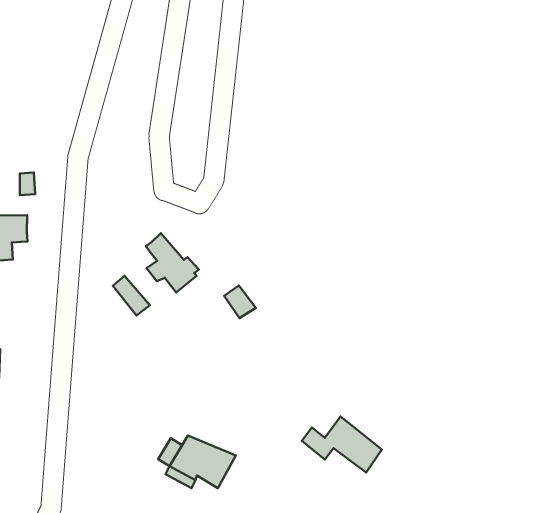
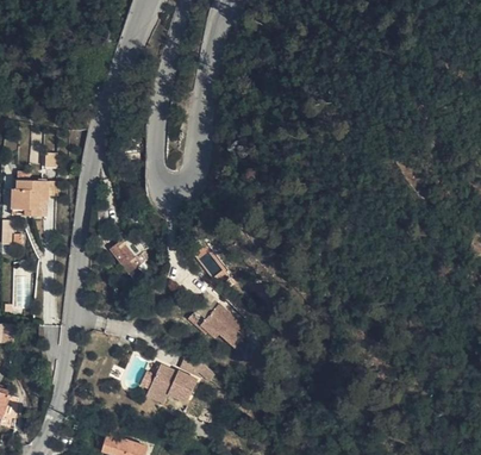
building: [146,233,199,292] -> none
building: [302,416,382,472] -> [188,306,249,350]

